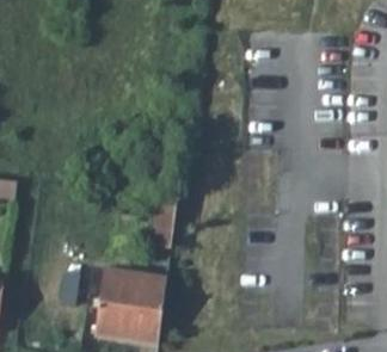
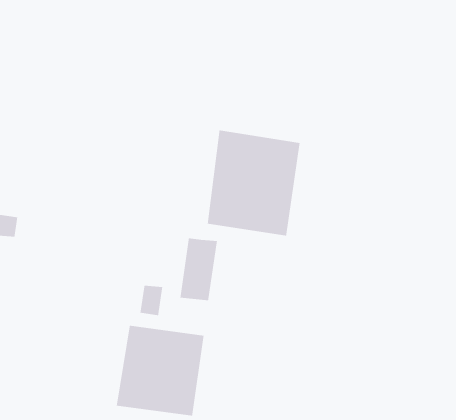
building: none -> [207,130,301,237]

